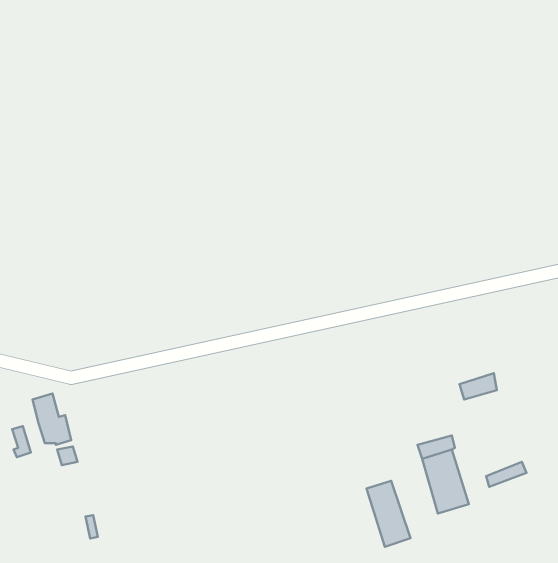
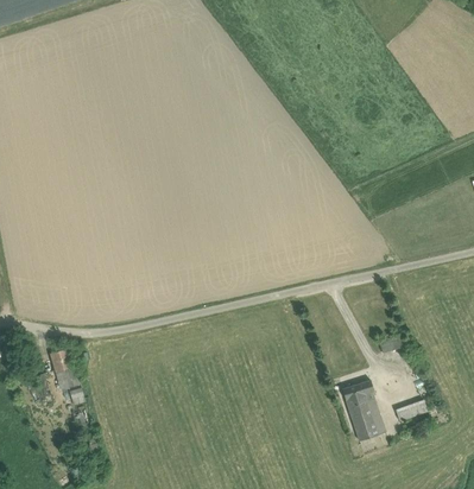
building: [367,481,411,547] -> none

